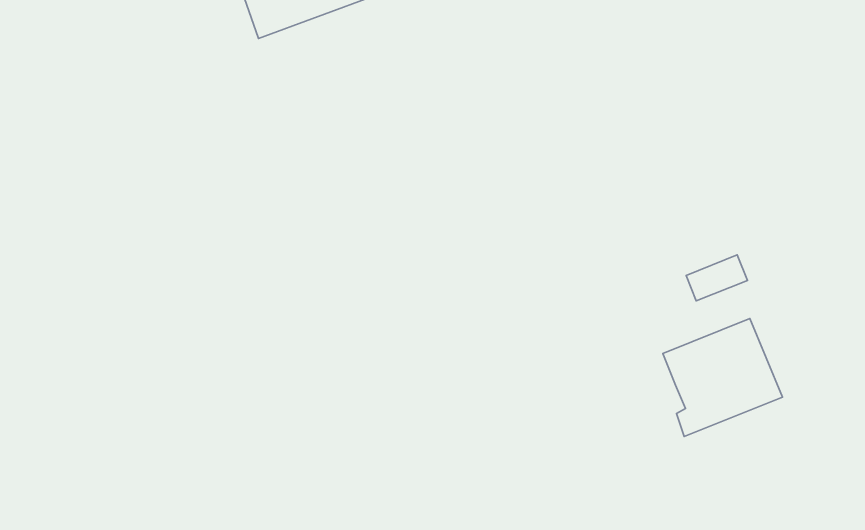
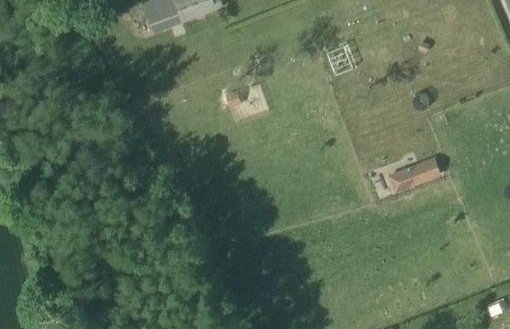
building: [663,319,782,436] -> none

